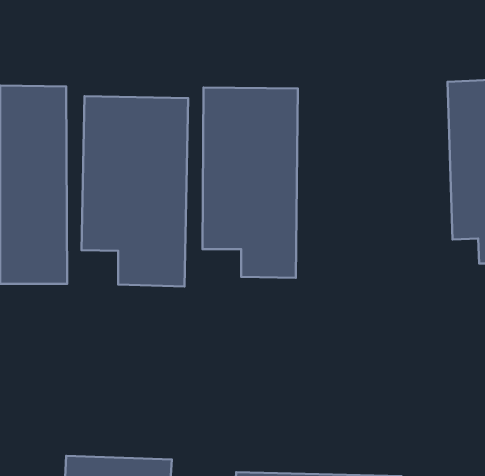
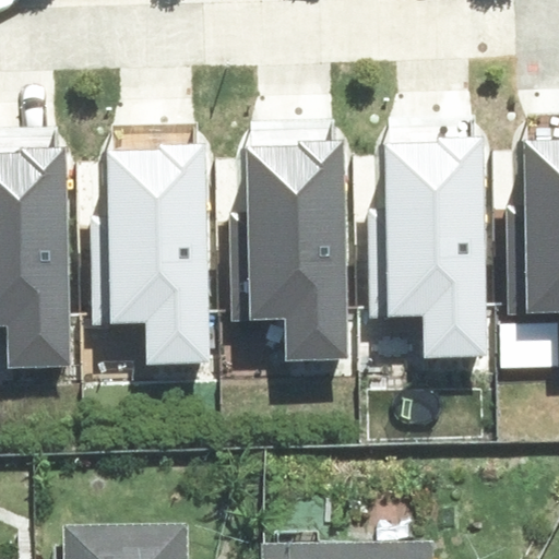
building: none -> [377,121,481,323]

